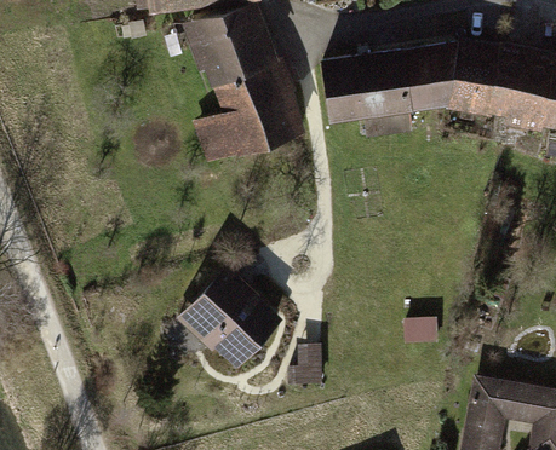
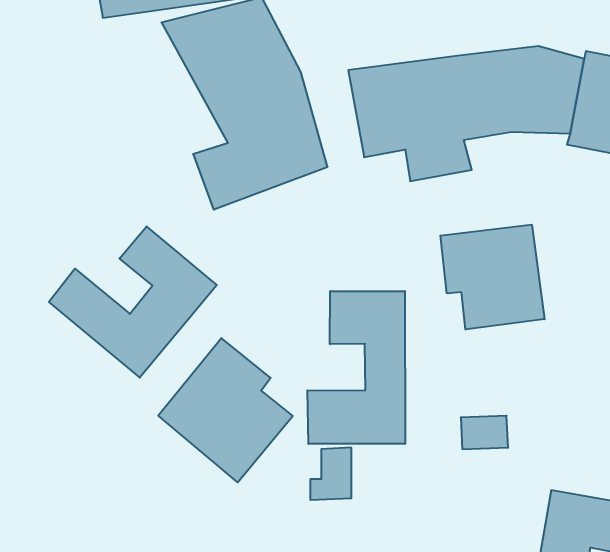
building: none -> [440,225,545,330]
building: none -> [49,226,217,378]
building: none -> [307,291,405,444]

